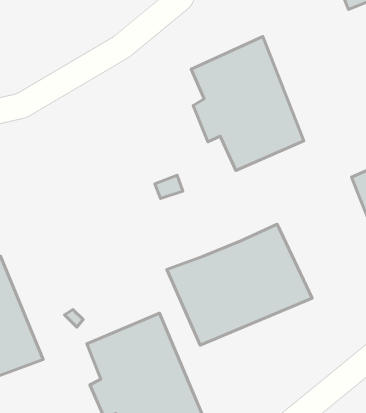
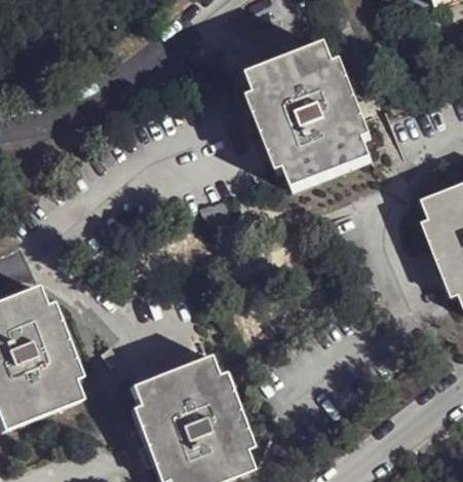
building: [167,224,312,345] -> none

